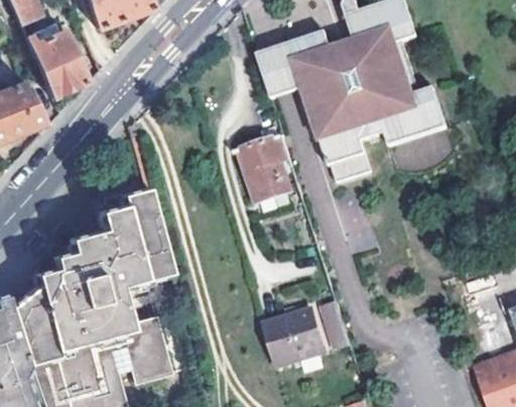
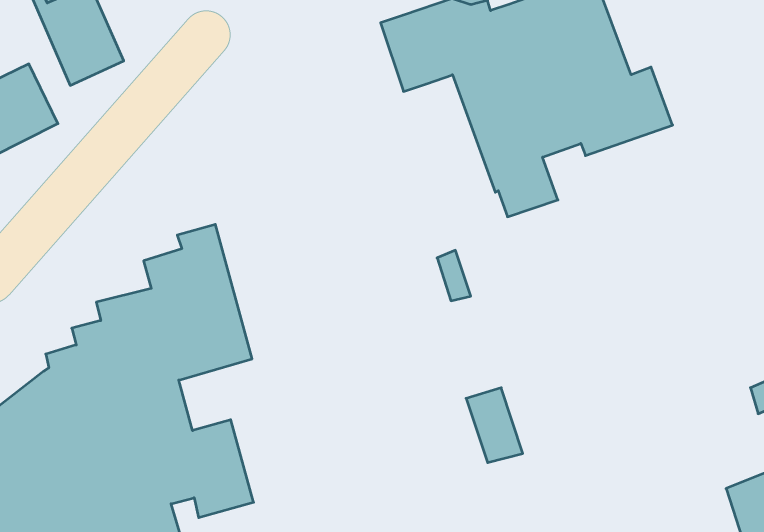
building: [235,124,294,210] -> none
building: [265,304,328,364] -> none

